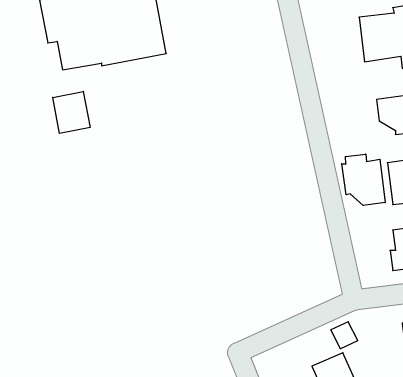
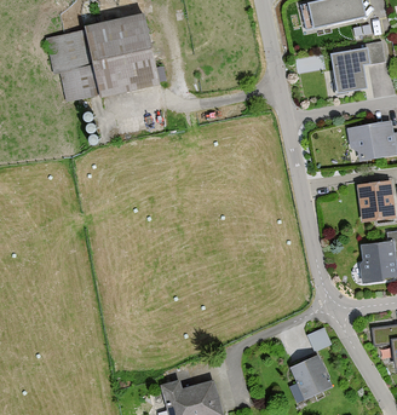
building: [53,91,90,133] -> none
building: [342,154,385,205] -> none

